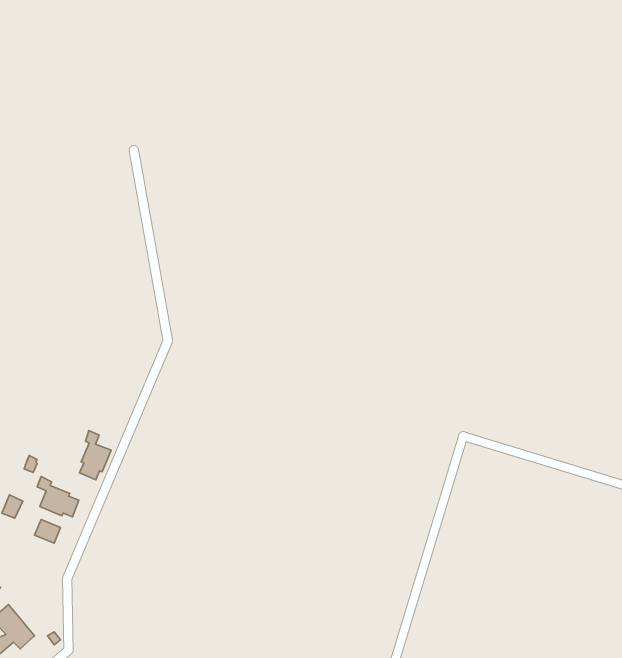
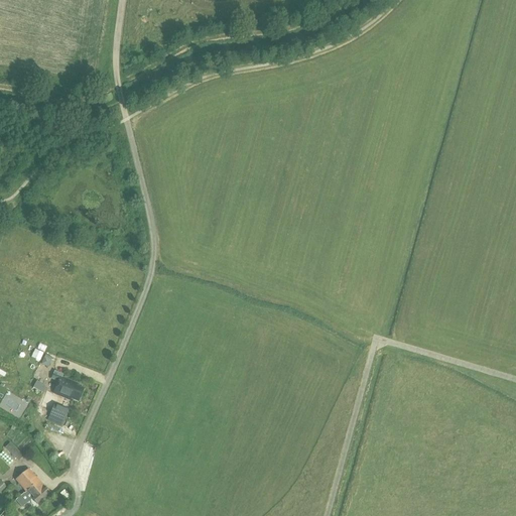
building: [79,431,111,480] -> none

